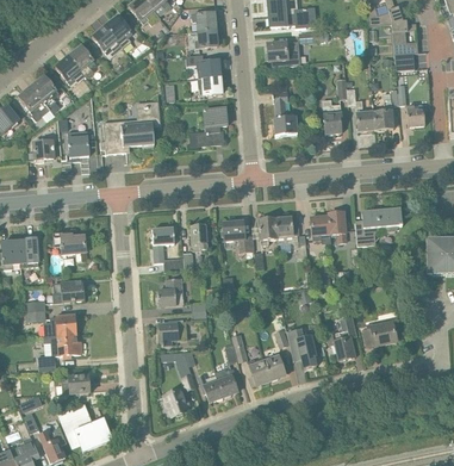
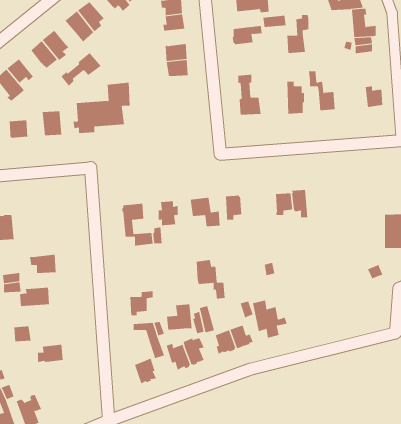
building: none -> [61,52,102,86]
building: [373,87,397,128] -> [286,15,309,53]
building: [194,106,226,144] -> none
building: [354,205,400,244] -> none
building: [275,216,306,257] -> [196,259,225,299]
building: [52,230,86,259] -> none
building: [156,277,184,304] -> [166,304,192,330]
building: [325,315,356,359] -> none
building: [362,319,397,346] -> none
building: [43,331,80,356] -> none
building: [60,403,111,448] -> none

